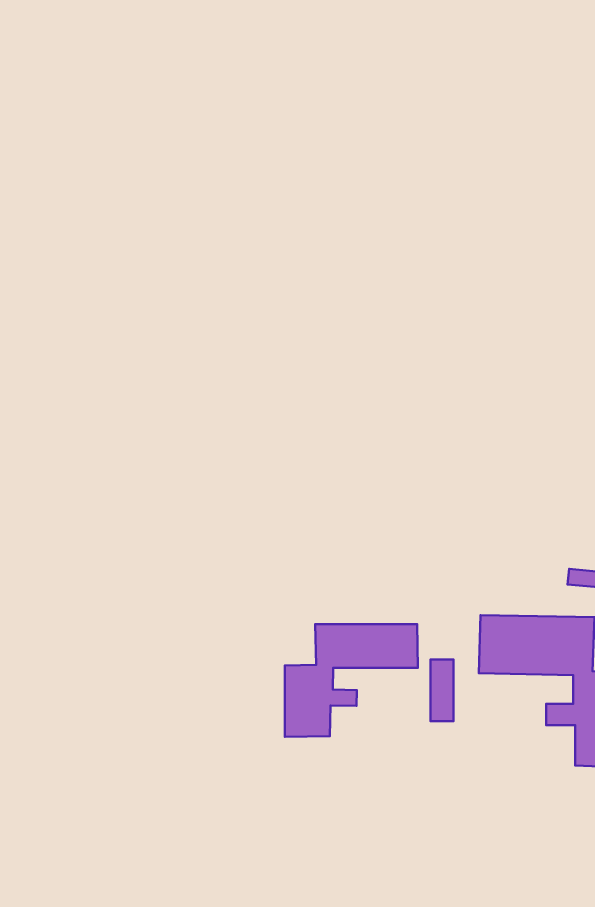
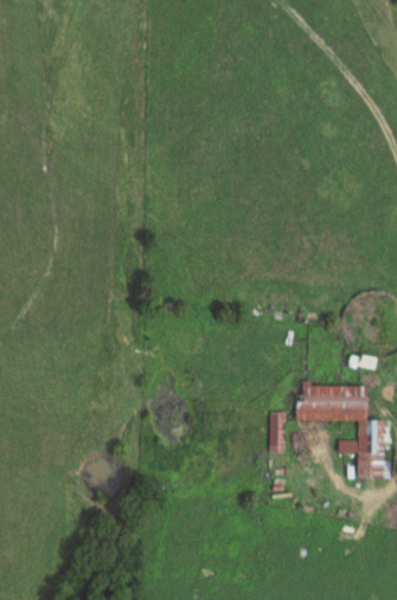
building: [285,624,418,737] -> none

